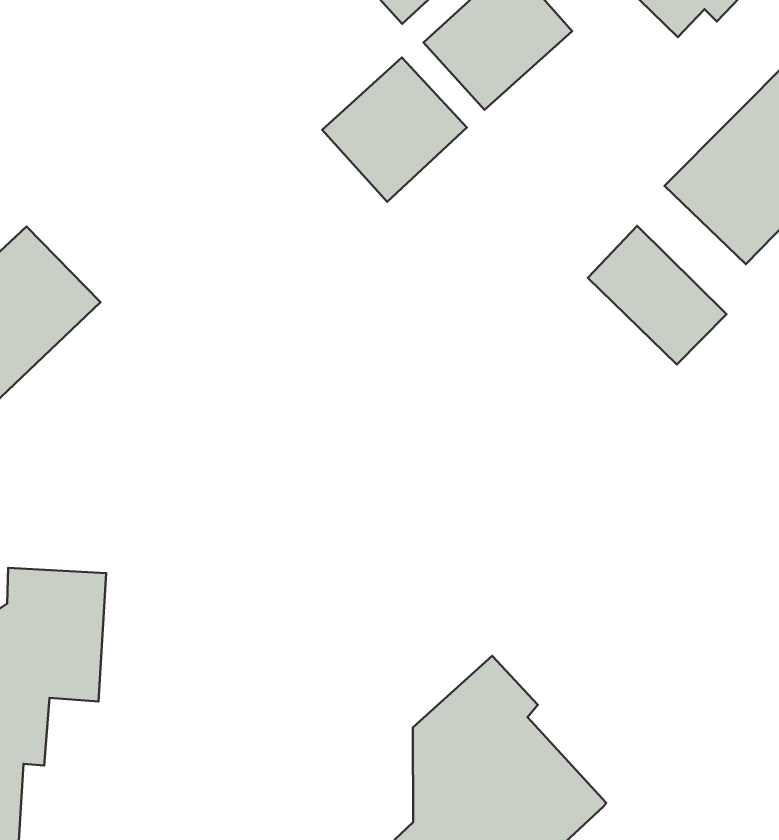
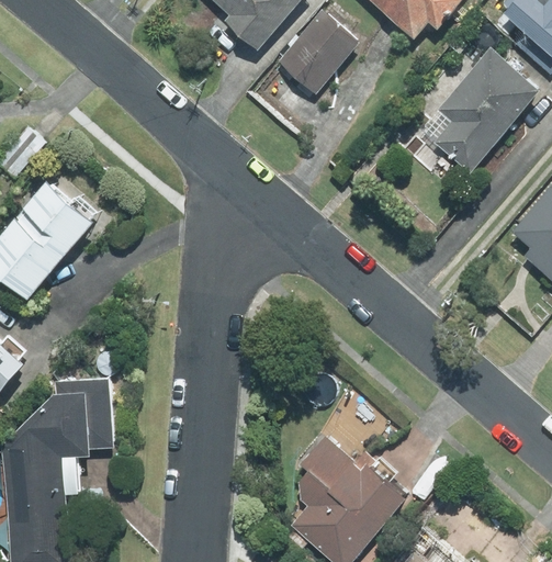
building: [322,58,467,202] -> none
building: [588,226,726,365] -> none

